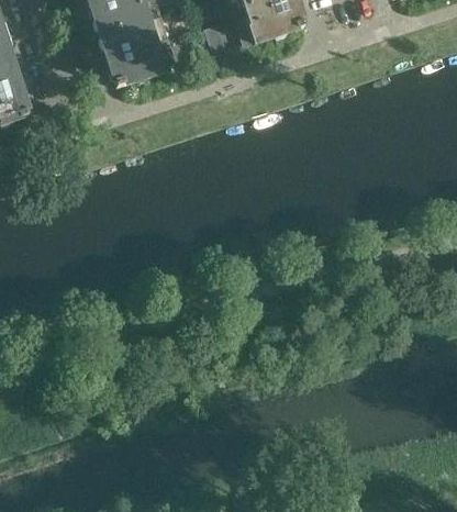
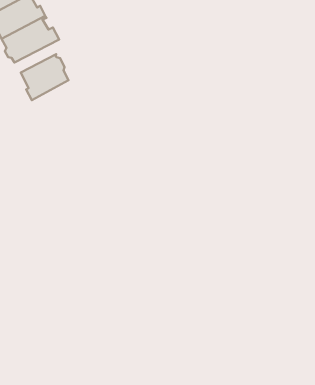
building: none -> [21,54,69,100]

